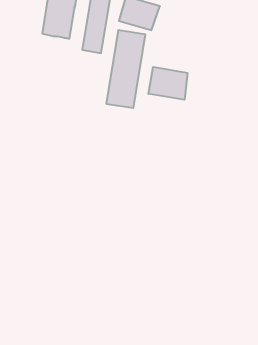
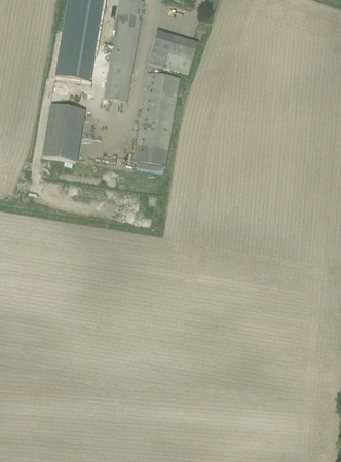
building: none -> [42,104,84,160]
building: [148,67,187,100] -> none

